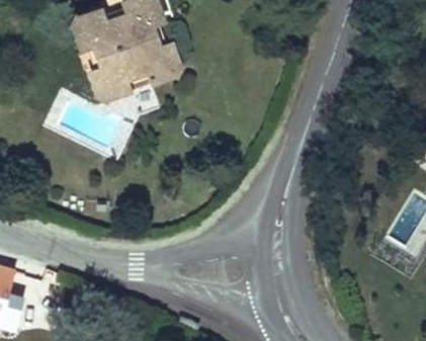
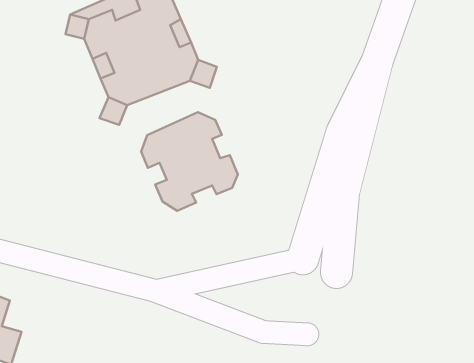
building: none -> [141,112,238,211]

